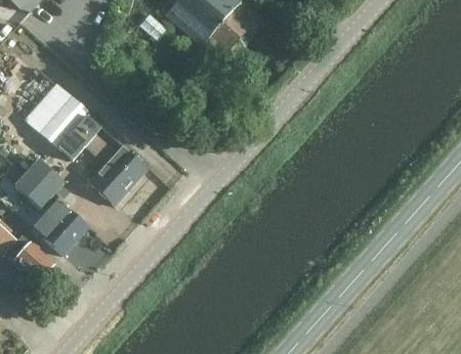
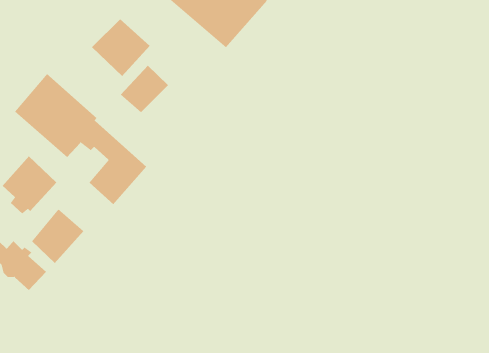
building: none -> [91,19,151,77]
building: none -> [120,65,169,113]

